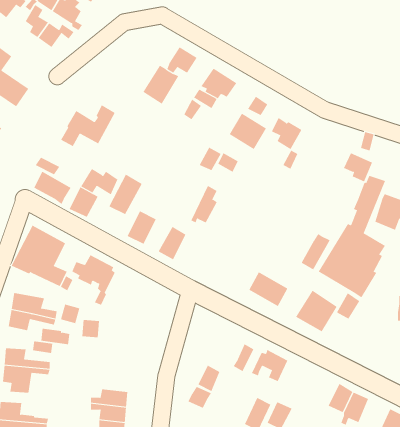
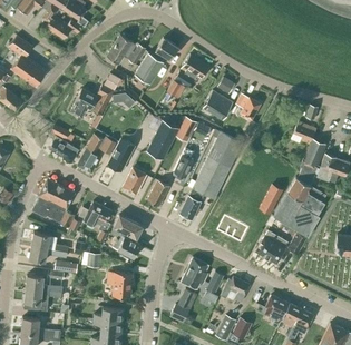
building: none -> [107,34,145,65]
building: none -> [147,120,178,159]
building: none -> [179,131,242,218]
building: none -> [110,215,143,258]
building: none -> [181,257,208,289]
building: none -> [107,272,133,297]
building: none -> [264,295,290,327]

